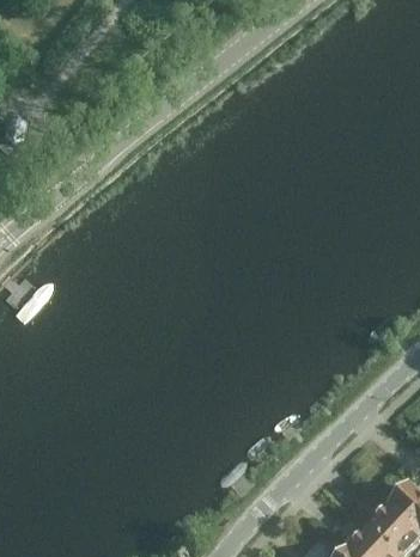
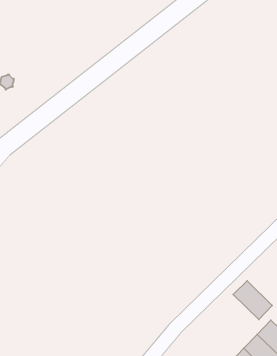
building: none -> [233,281,272,319]

